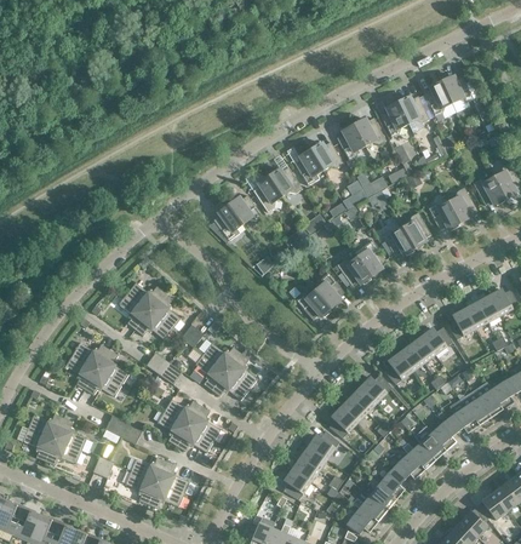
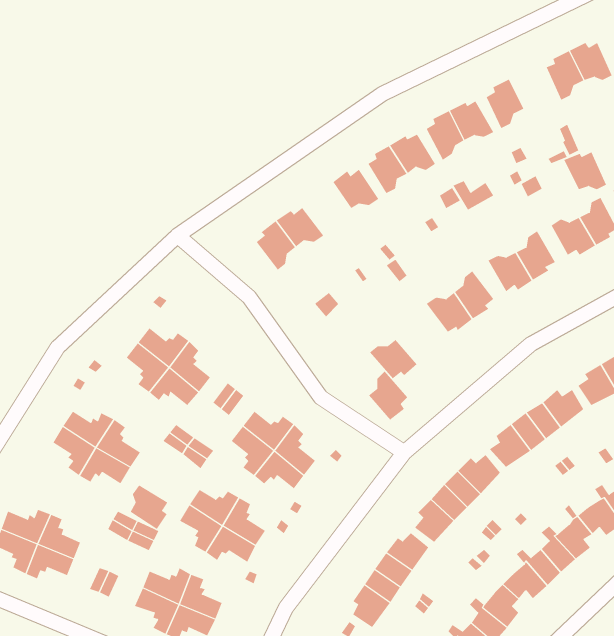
building: [397,95,429,122] -> [564,151,607,190]
building: [253,176,282,211] -> none
building: [315,271,344,308] -> [368,370,408,420]
building: none -> [130,484,168,530]

